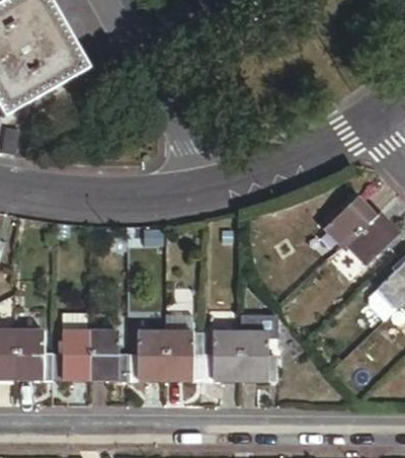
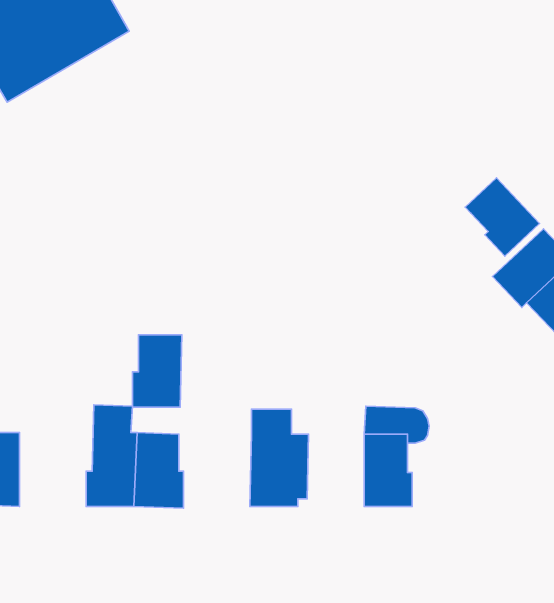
building: none -> [465,178,540,256]
building: [14,330,48,379] -> none
building: [134,331,166,379] -> [132,335,182,407]
building: [202,331,240,379] -> none

